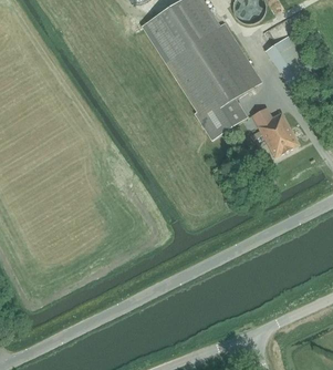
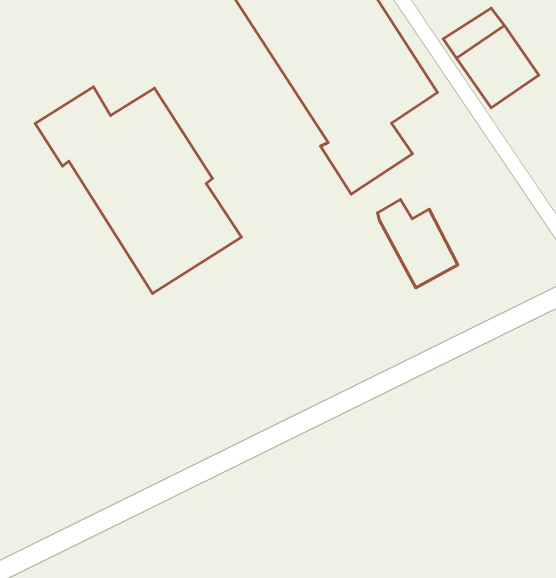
building: none -> [35,87,242,293]
building: [252,106,299,157] -> [378,200,458,288]

